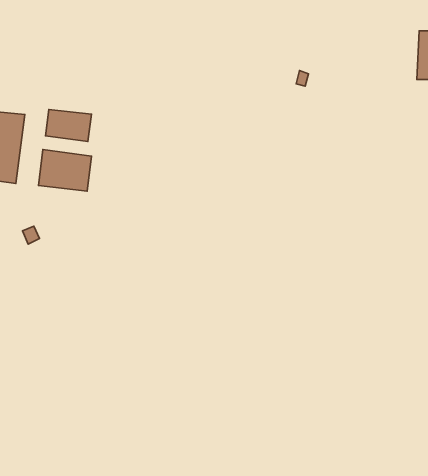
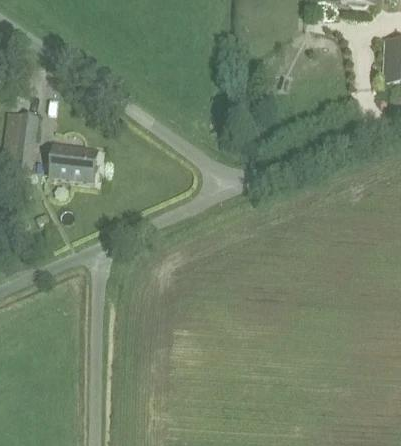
building: [46,109,91,141] -> none

